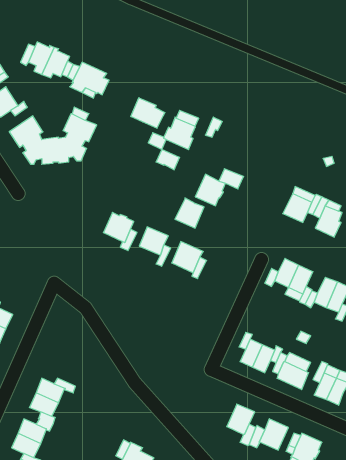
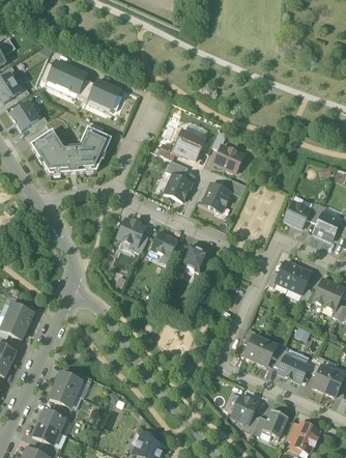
building: [131,98,165,128] -> none
building: none -> [213,145,243,172]
building: [175,198,204,228] -> [164,173,191,201]

